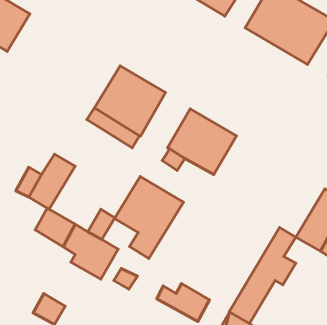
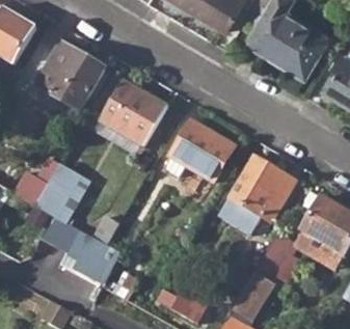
building: none -> [34,44,103,111]
building: [114,176,183,258] -> [228,158,295,237]

